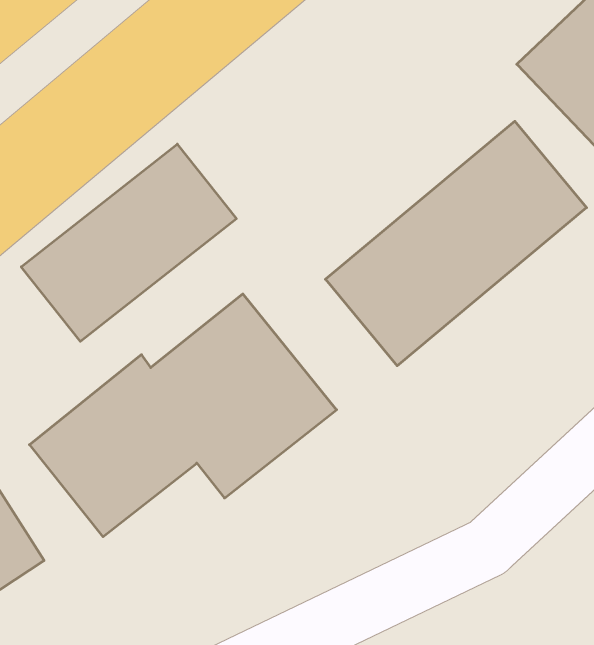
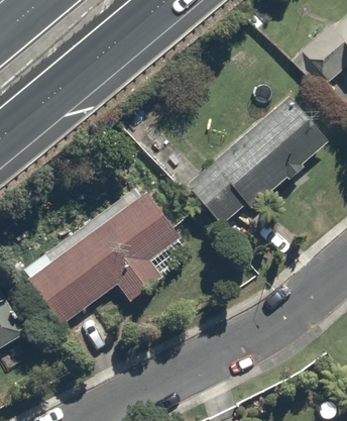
building: [21,144,236,341] -> none

